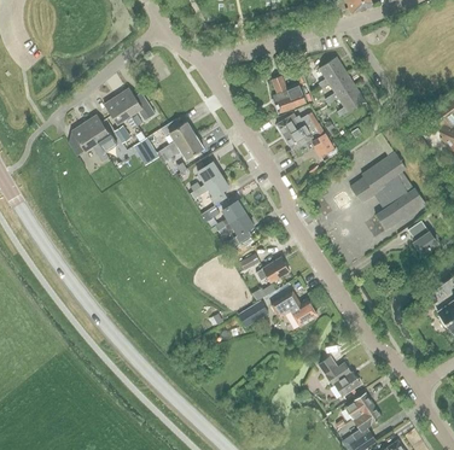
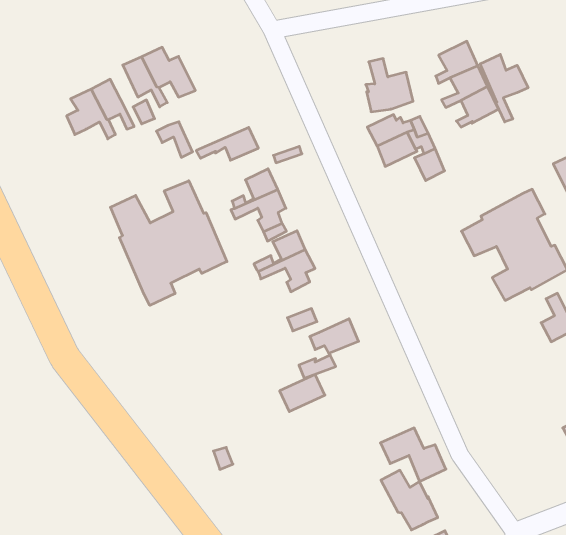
building: none -> [480,54,528,122]
building: [159,118,196,154] -> none
building: none -> [110,181,227,305]
building: [270,290,318,326] -> [380,428,446,482]

